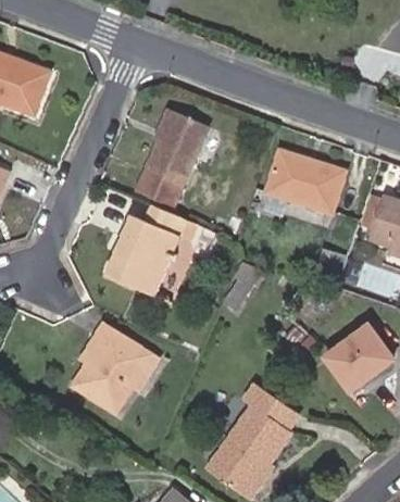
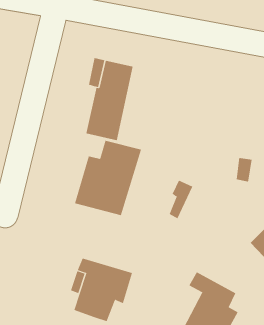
building: [265,149,342,213] -> none

